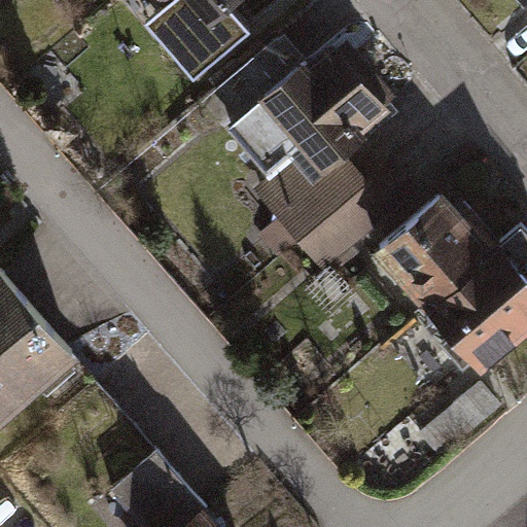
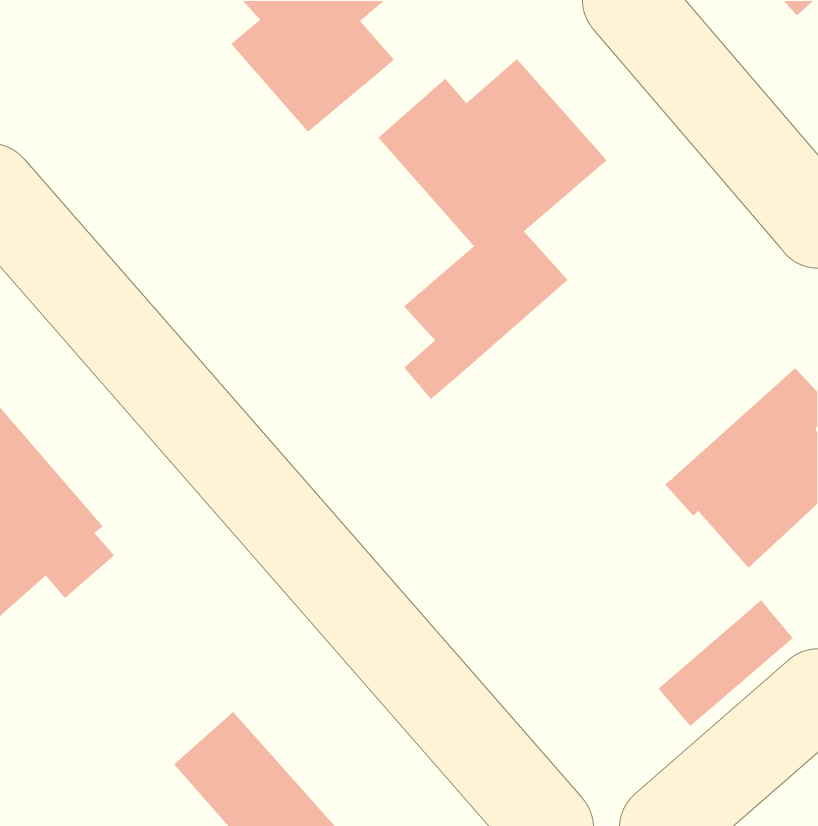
building: [294,157,415,270] -> none
building: [374,186,497,305] -> none

